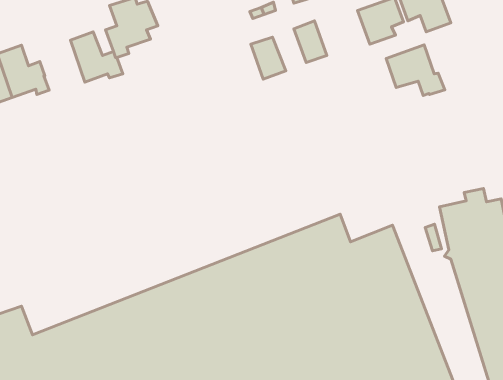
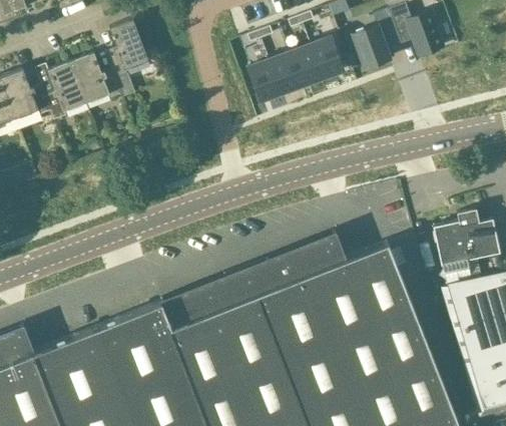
building: none -> [310,36,343,77]
building: none -> [269,51,302,92]
building: none -> [45,62,85,120]
building: [386,45,445,95] -> none

